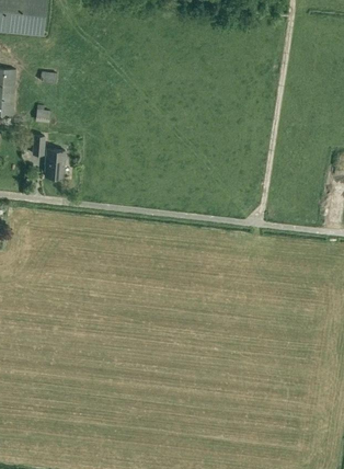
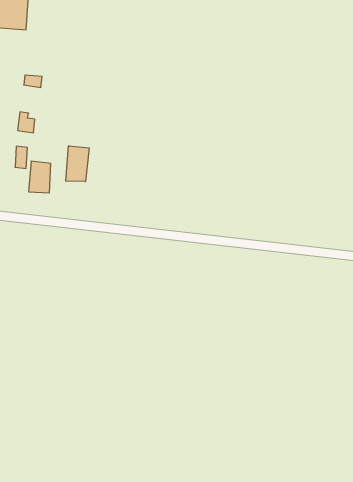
building: none -> [66,146,89,182]

